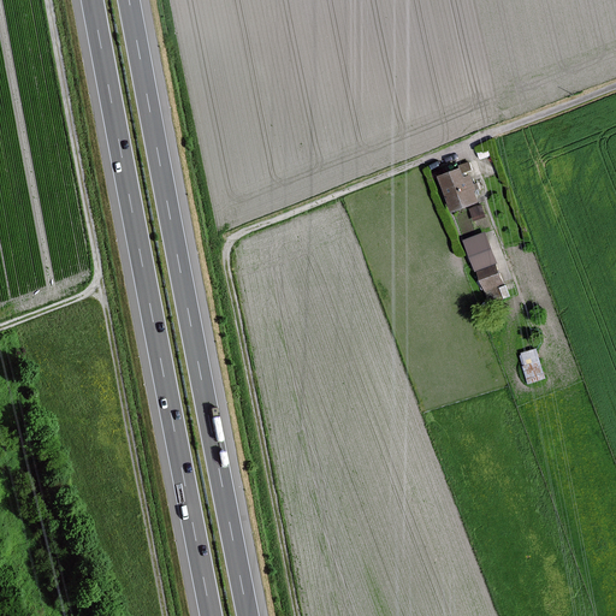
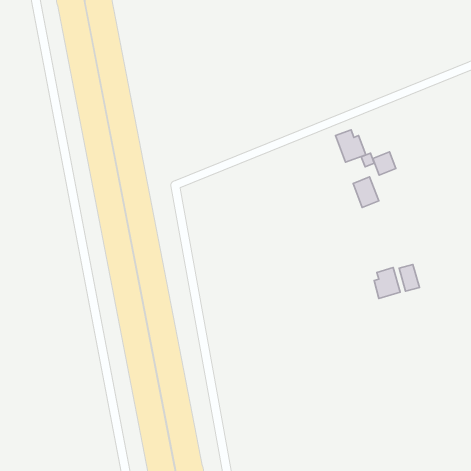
building: [473,262,503,292] -> [373,152,396,175]
building: none -> [374,268,400,298]

